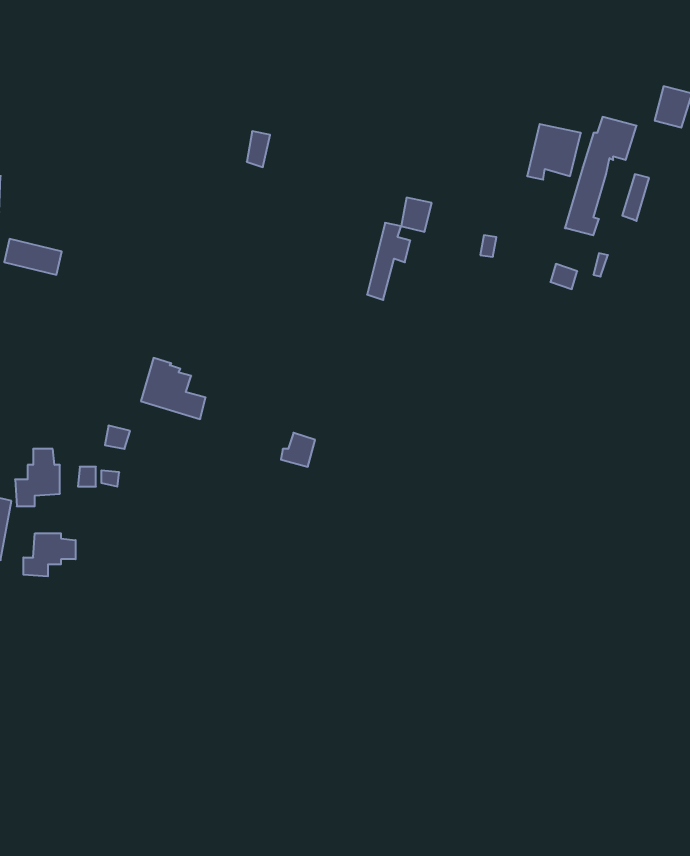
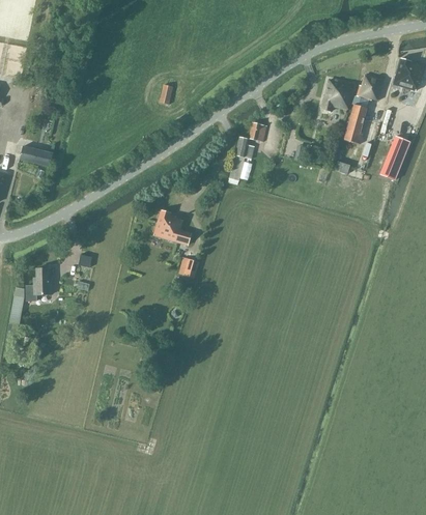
building: none -> [380,136,409,180]
building: [141,358,206,419] -> [153,210,191,246]
building: [23,533,76,576] -> none

